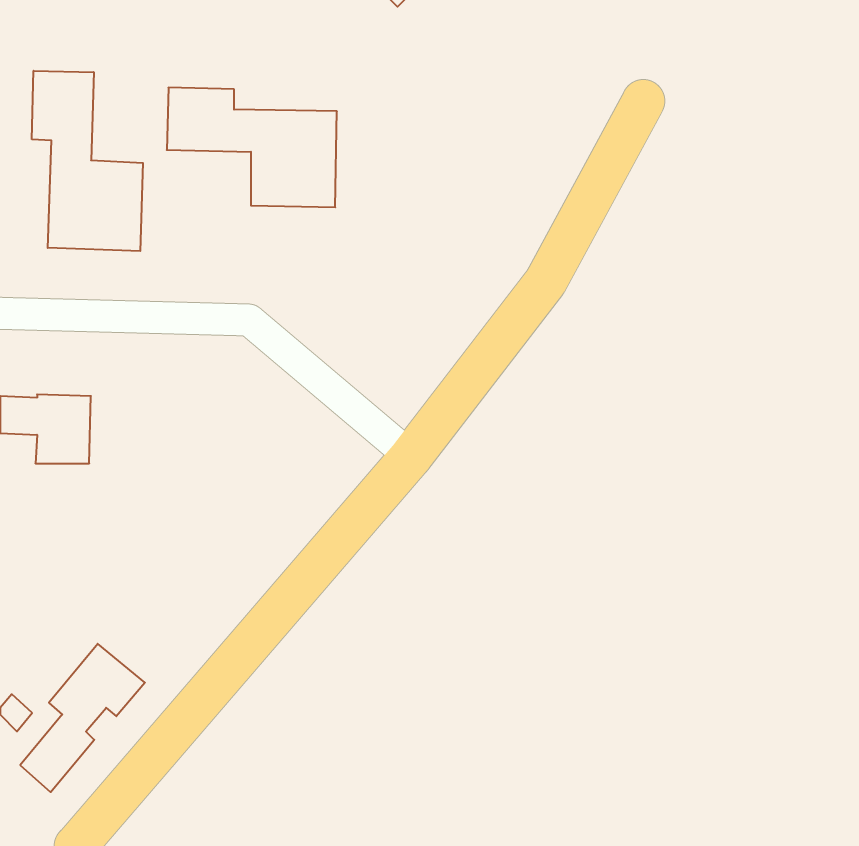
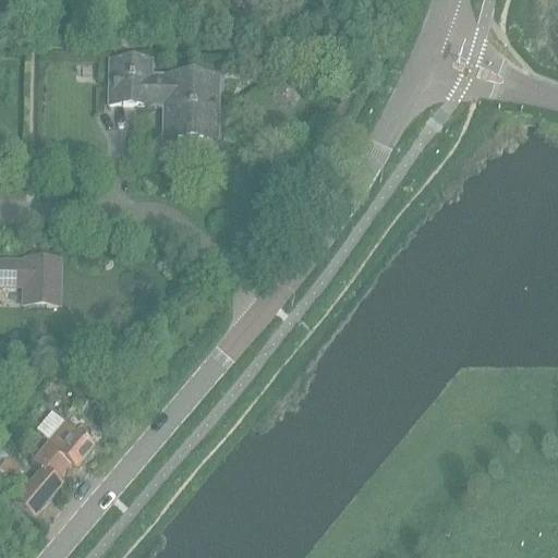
building: [32,71,143,251] -> none

